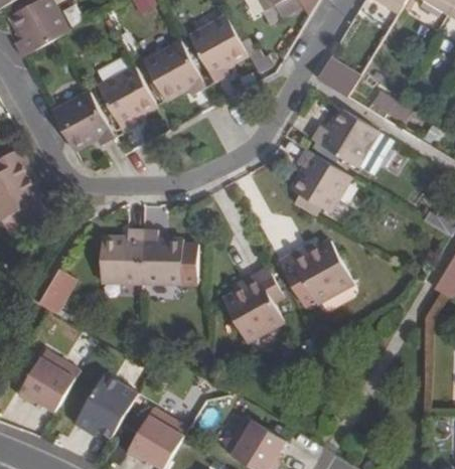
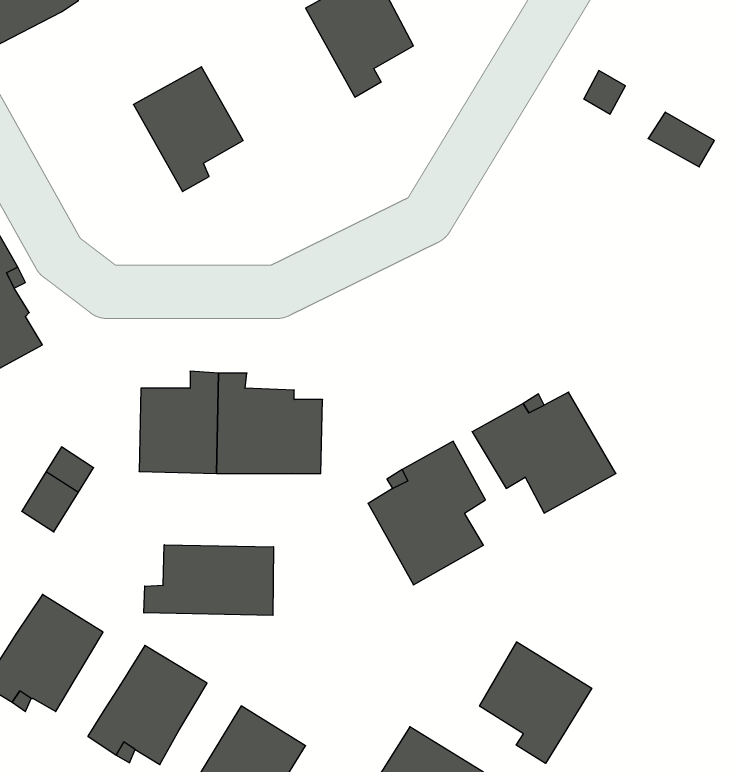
building: [143,40,204,101] -> none
building: [51,92,114,150] -> none
building: [310,107,391,172] -> none
building: [290,149,350,212] -> none
building: none -> [144,545,273,615]
building: none -> [480,642,592,763]

